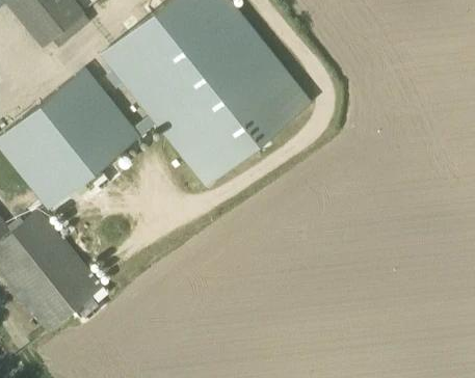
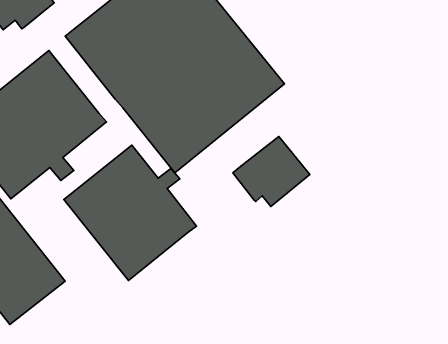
building: none -> [233,136,310,207]
building: none -> [64,145,197,281]

